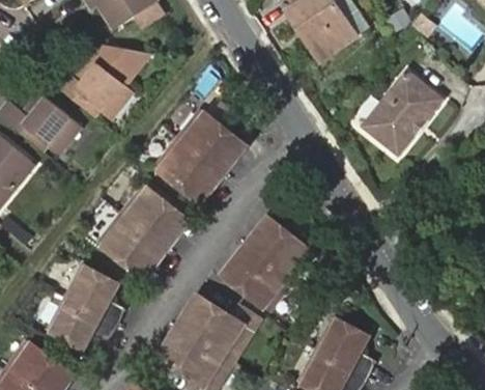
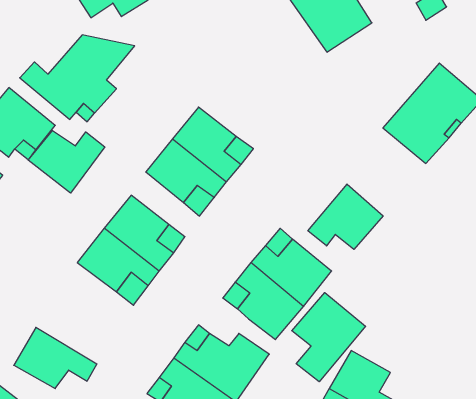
building: none -> [28,130,105,193]
building: none -> [308,184,383,249]
building: [65,261,130,327] -> none
building: none -> [292,293,366,382]

